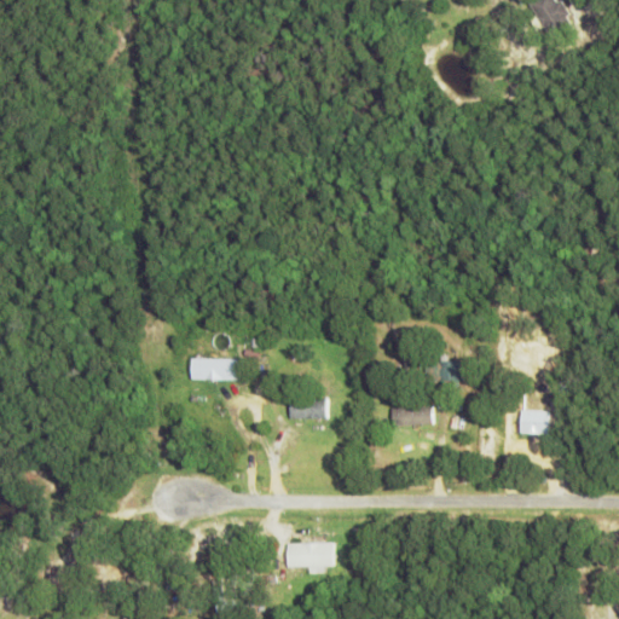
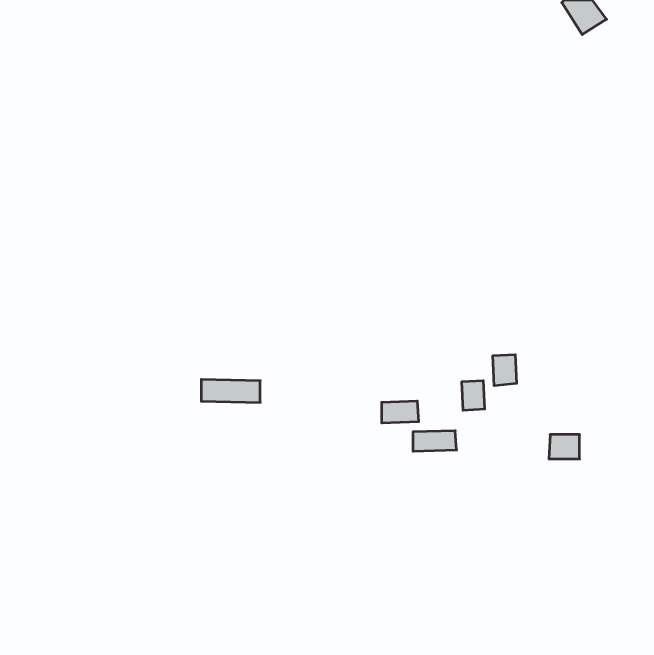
building: none -> [493,355,517,386]
building: [291,398,326,418] -> [382,401,419,423]
building: [287,542,332,567] -> none

